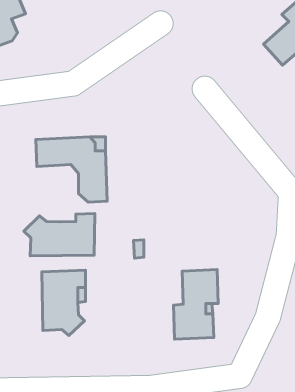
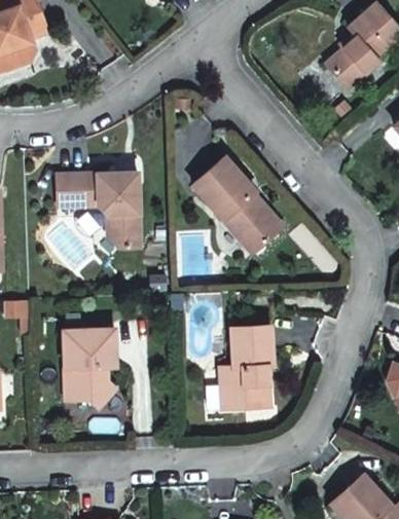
building: none -> [192,156,284,253]
building: [24,214,95,256] -> none

